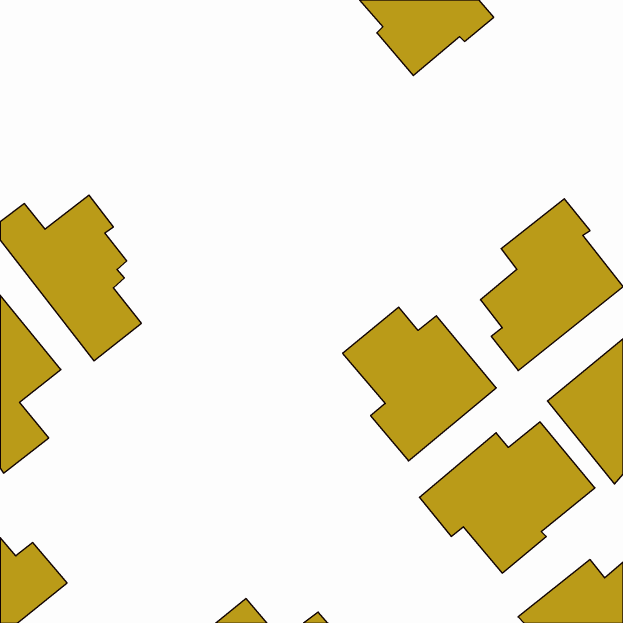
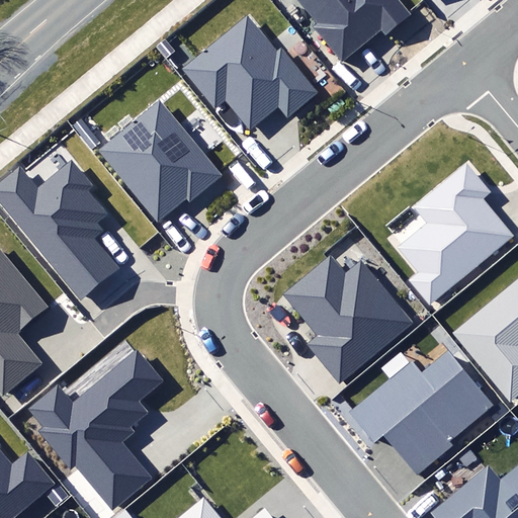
building: none -> [181,14,318,130]
building: none -> [96,97,226,222]
building: none -> [31,353,160,512]

